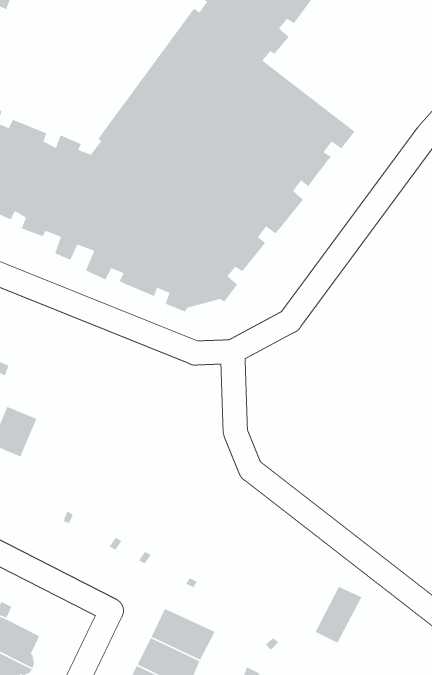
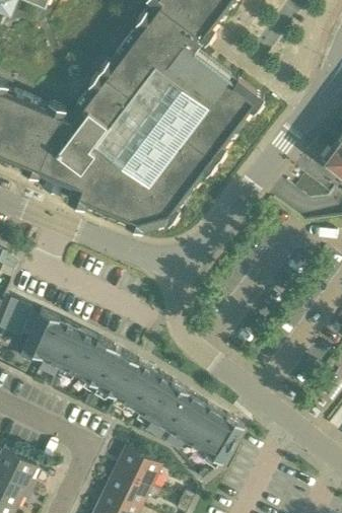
building: none -> [18,310,244,461]
building: [315,586,363,644] -> none

